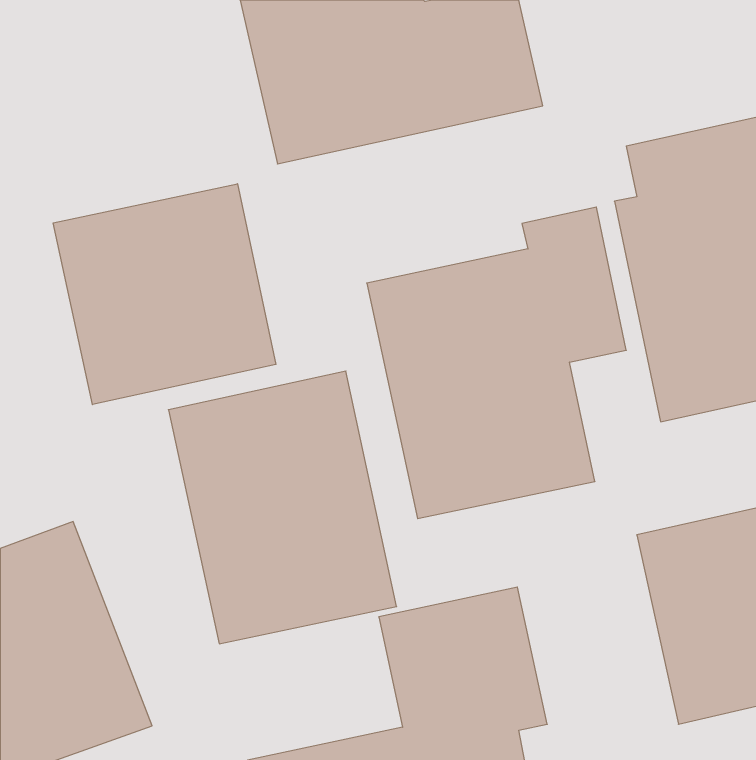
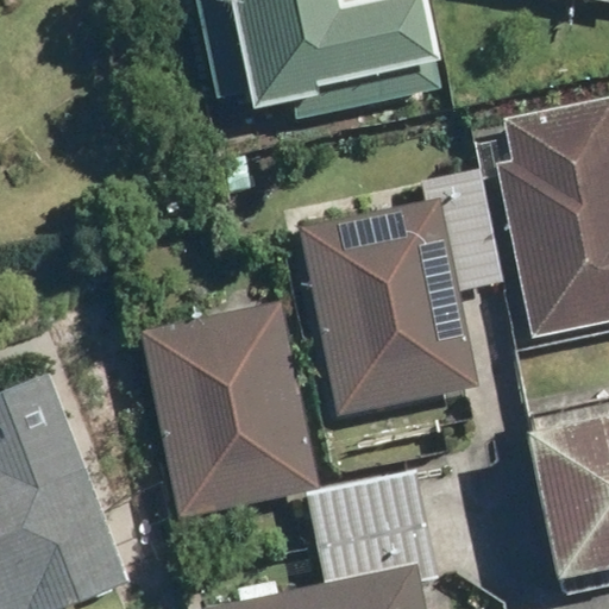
building: [53,184,276,405] -> none

